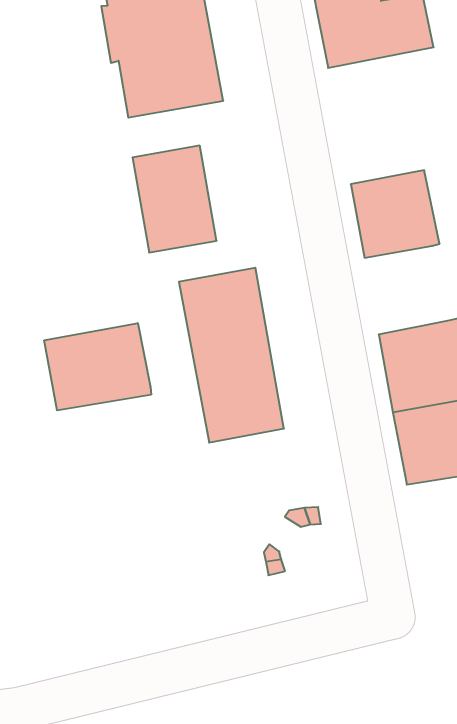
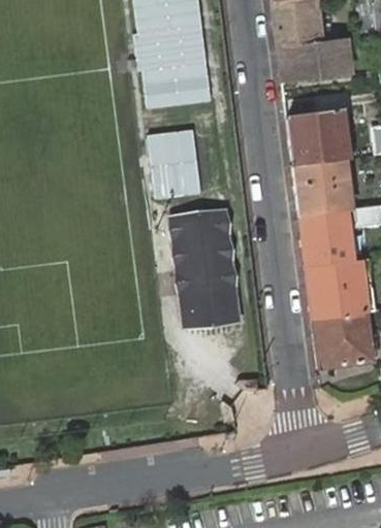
building: none -> [287,107,348,161]
building: none -> [299,205,352,262]
building: [44,323,151,410] -> none

